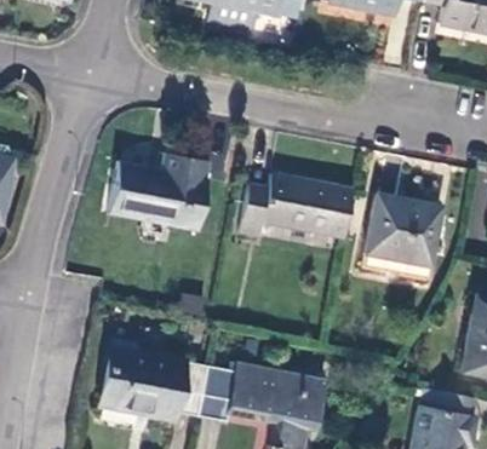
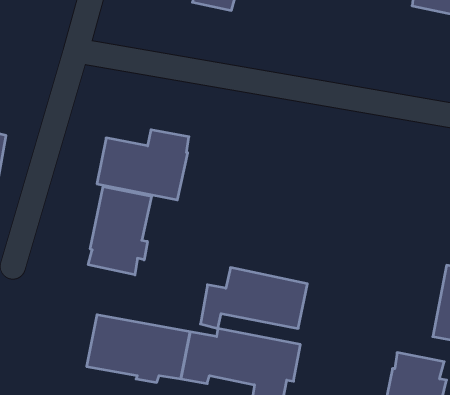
building: [240,173,353,237] -> [200,268,307,328]
building: [366,195,441,265] -> none
building: none -> [88,187,151,275]

